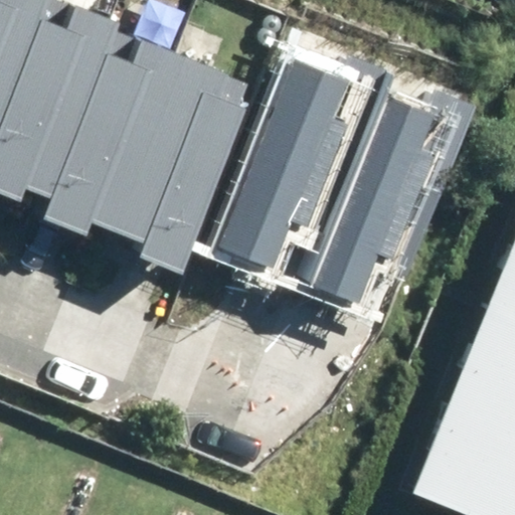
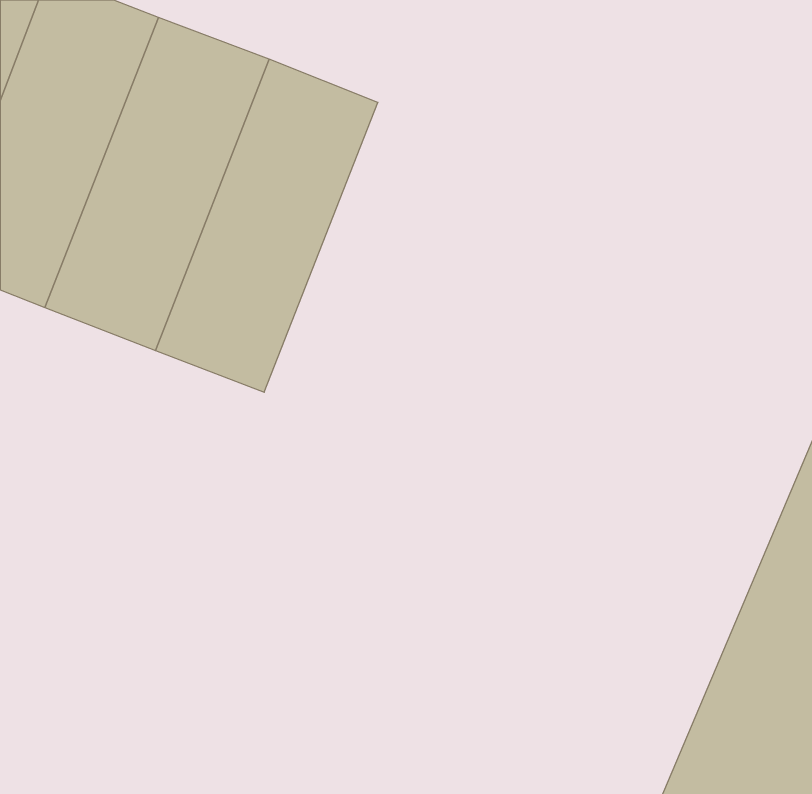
building: [211,60,341,261] -> none
building: [308,94,438,294] -> none

